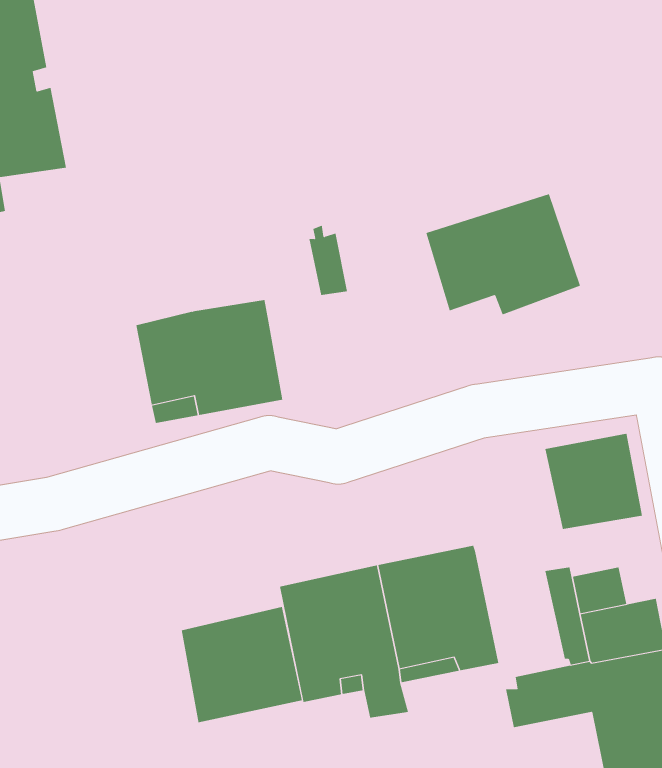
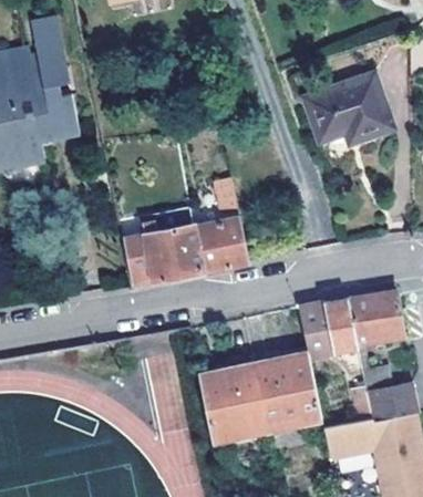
building: [426,193,581,315] -> [305,74,392,143]
building: none -> [194,219,249,271]
building: none -> [299,299,359,356]
building: [181,606,302,723] -> none

